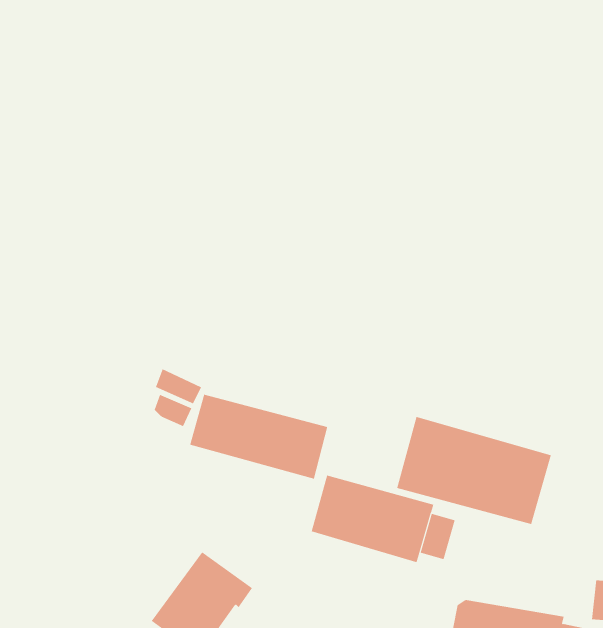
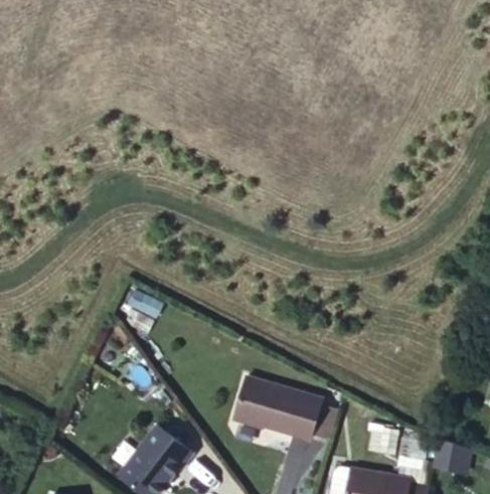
building: [189,394,328,480] -> none
building: [397,416,552,525] -> none

